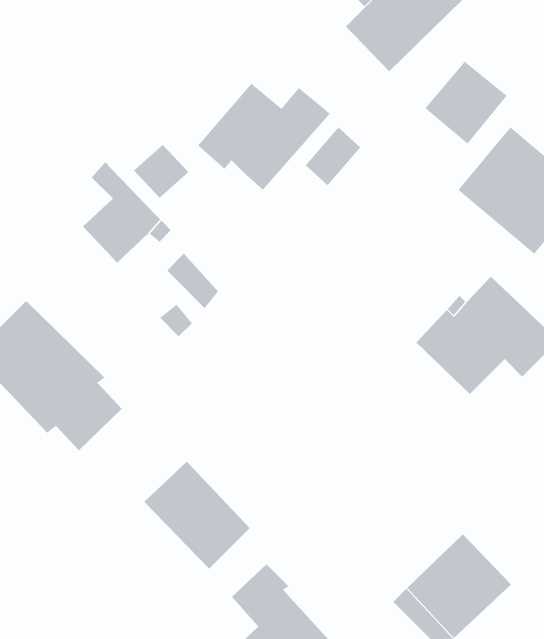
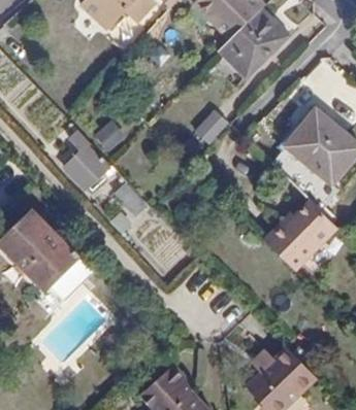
building: [425,61,508,145] -> none
building: [198,83,331,191] -> none
building: [144,461,250,570] -> none

